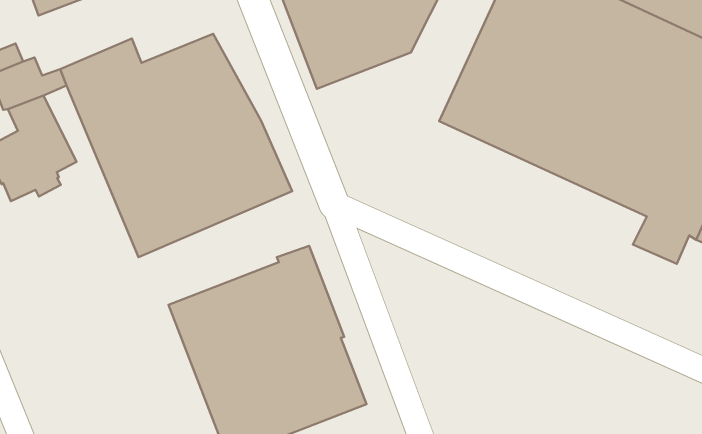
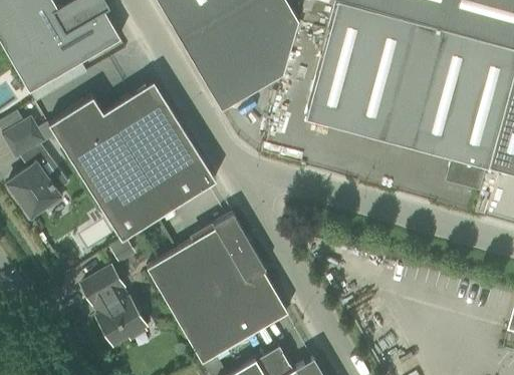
building: none -> [80,268,146,346]

